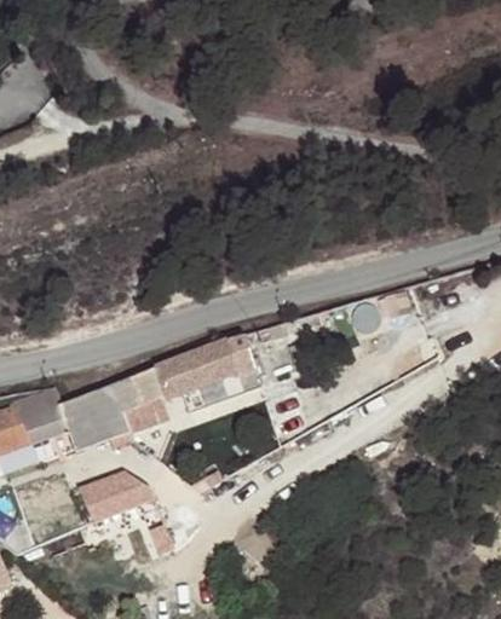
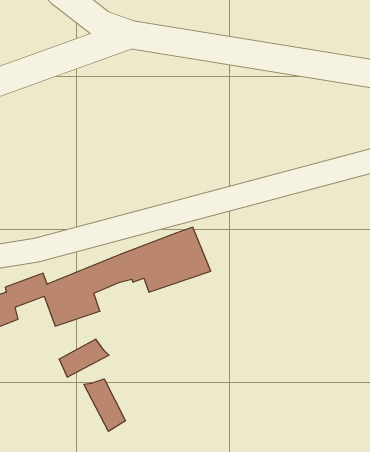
building: none -> [84,379,125,431]

